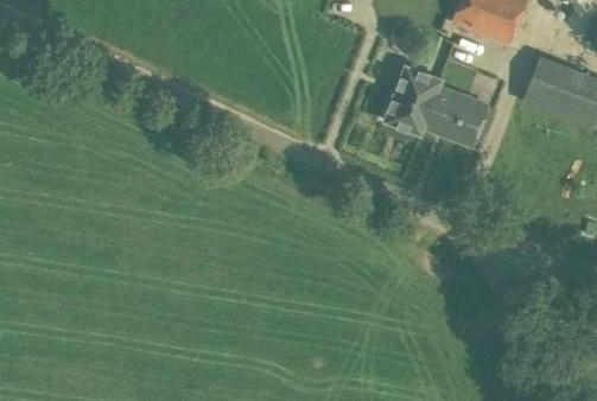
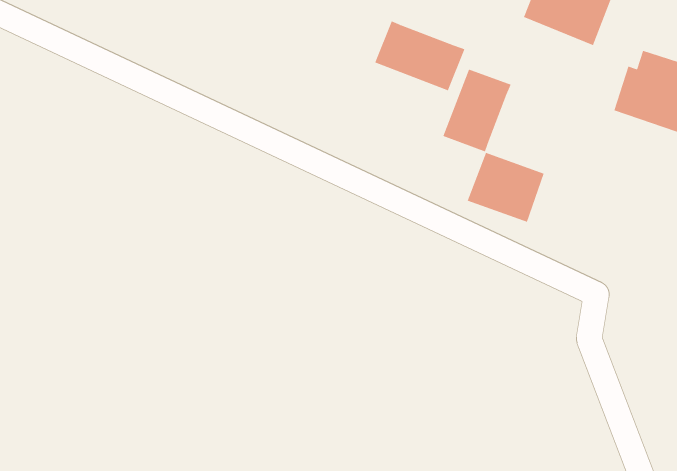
building: none -> [375,21,465,91]
building: [421,88,485,146] -> [467,152,545,222]

